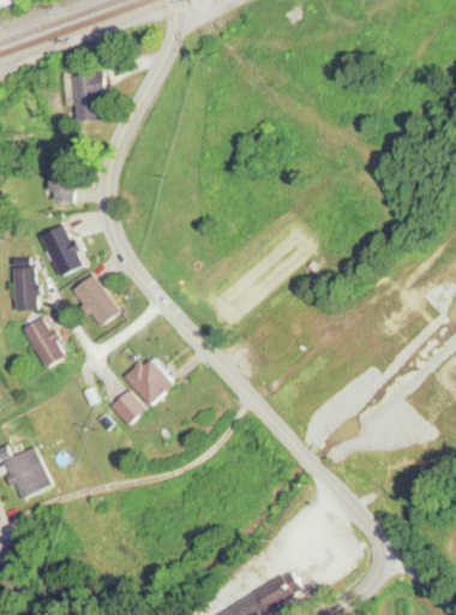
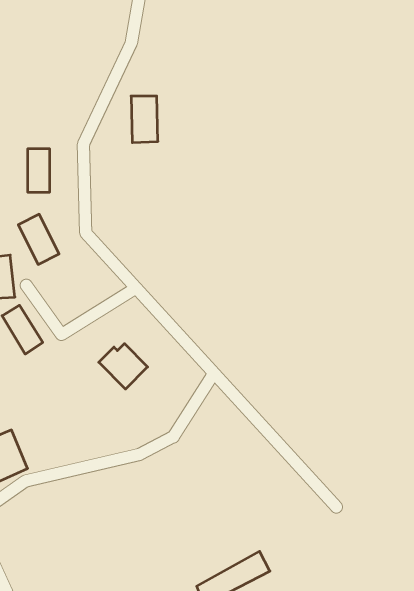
building: [74,73,102,121] -> [131,96,158,143]
building: [72,275,119,327] -> none
building: [112,390,146,425] -> none

